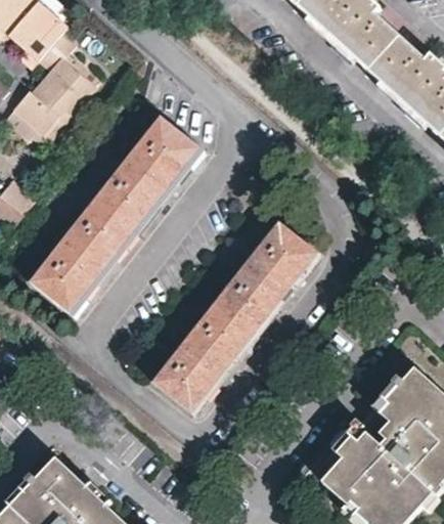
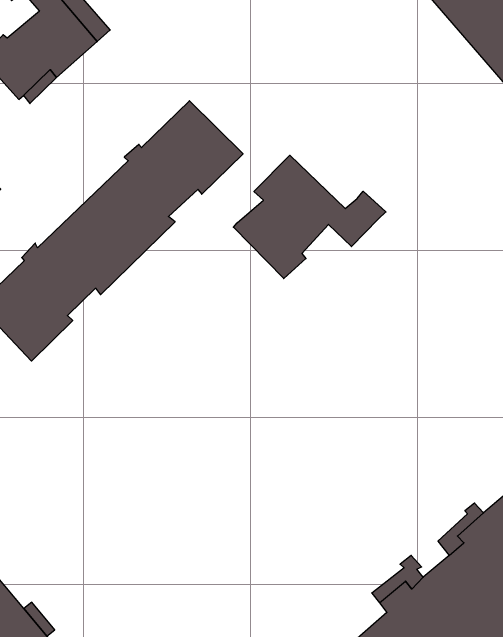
building: none -> [233,155,386,279]
building: [151,222,320,414] -> none

